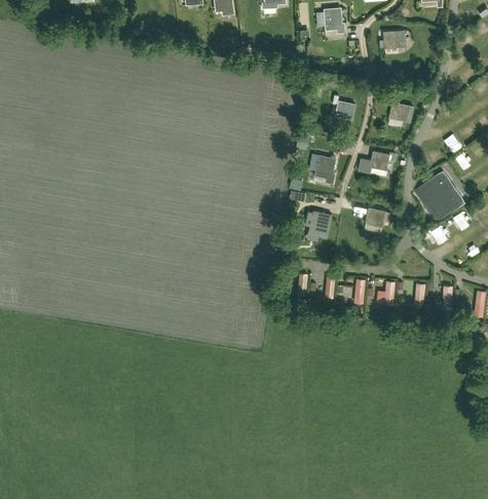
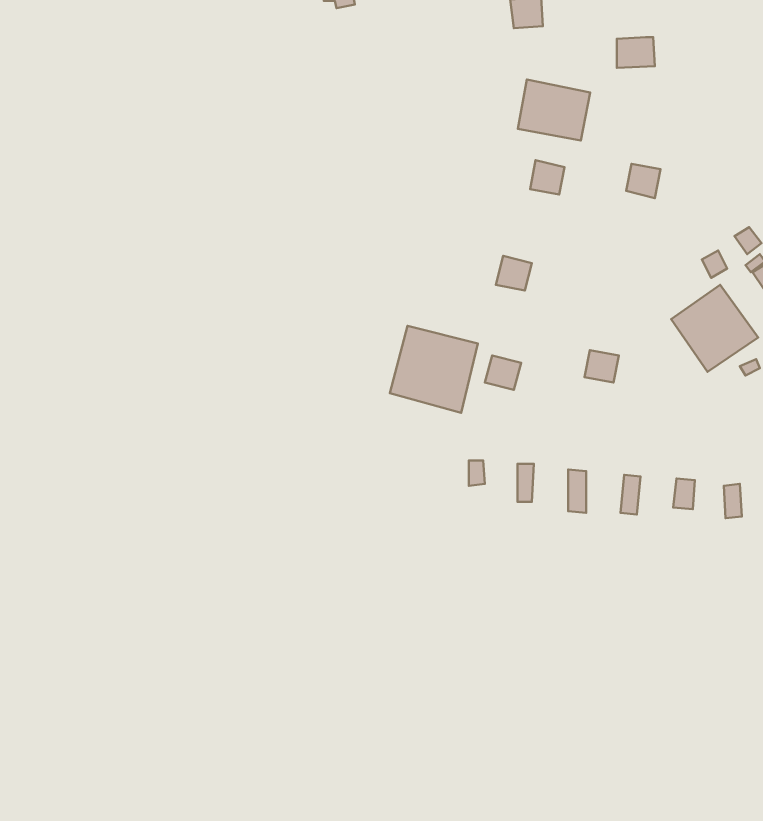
building: none -> [518,79,590,141]
building: [356,155,387,175] -> none
building: none -> [390,326,478,413]

